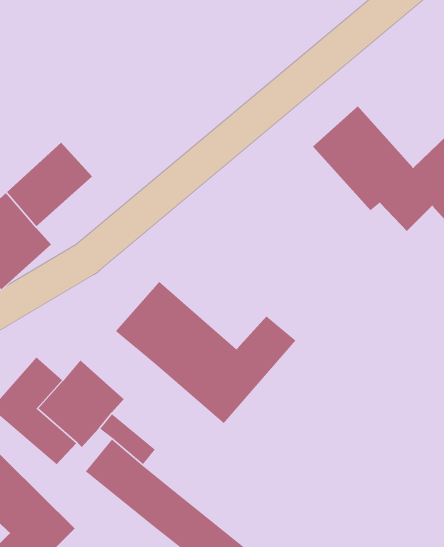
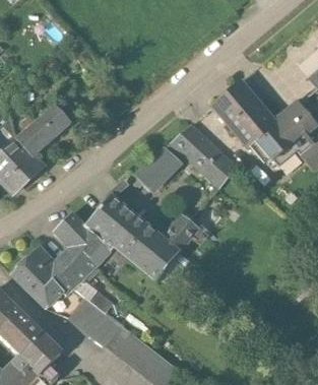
building: none -> [136,120,240,193]
building: none -> [56,213,112,268]

